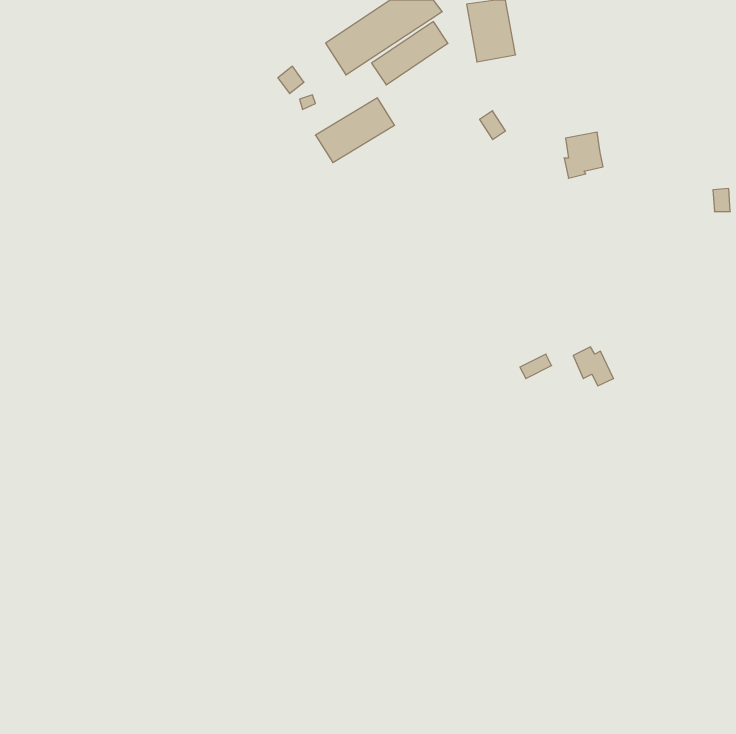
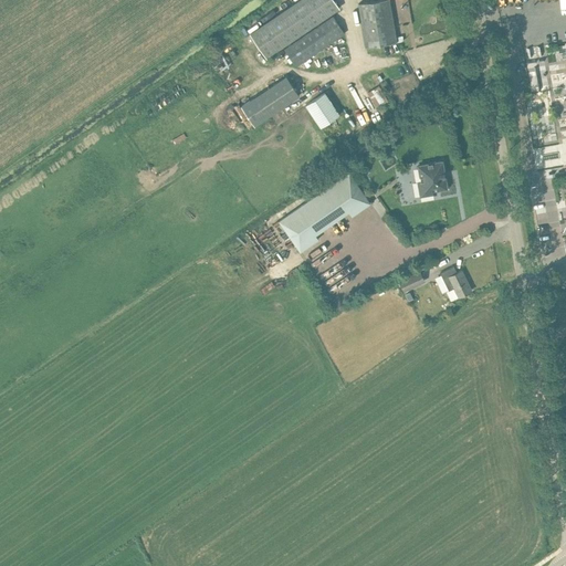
building: none -> [305,93,339,128]
building: [564,132,603,178] -> [417,163,447,198]
building: none -> [279,174,370,252]

